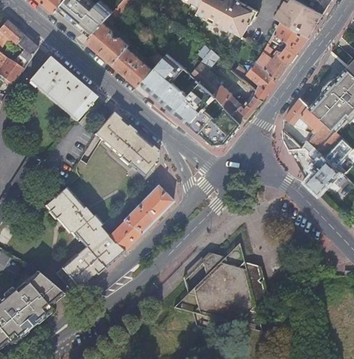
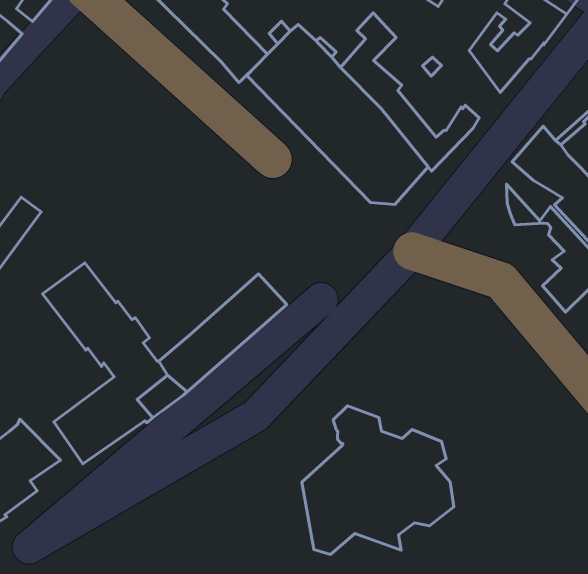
building: [29,57,96,121] -> none
building: [247,60,277,95] -> none
building: [94,113,158,176] -> none

